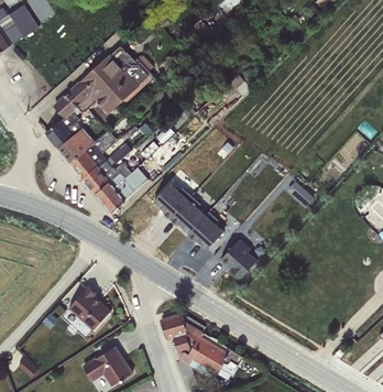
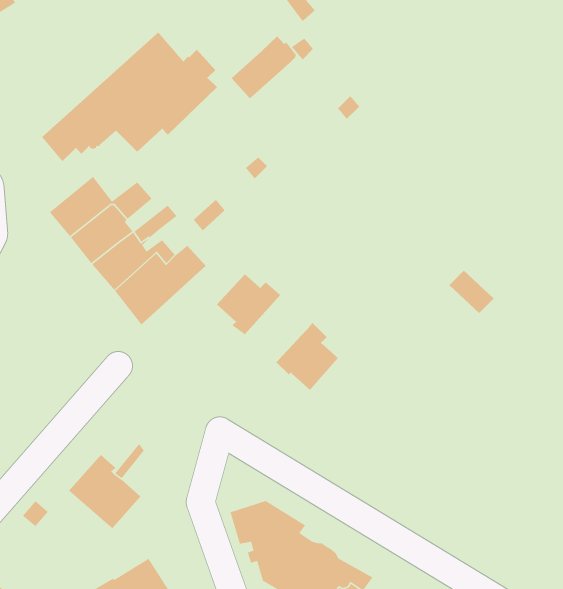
building: none -> [231,36,297,99]
building: [44,111,83,148] -> none
building: [169,195,205,232] -> none
building: [220,239,256,279] -> none

